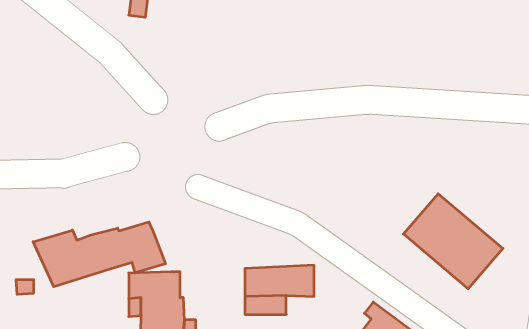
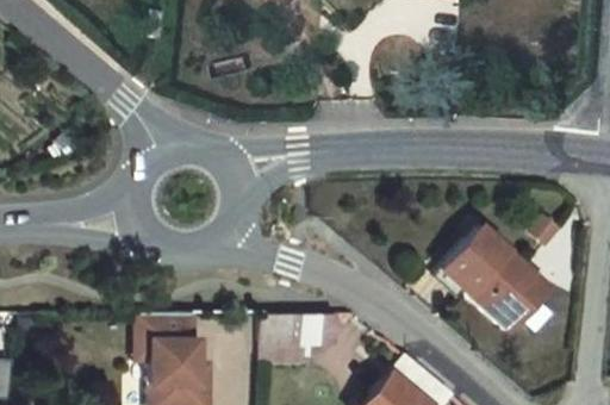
building: [33,222,165,287] -> none

